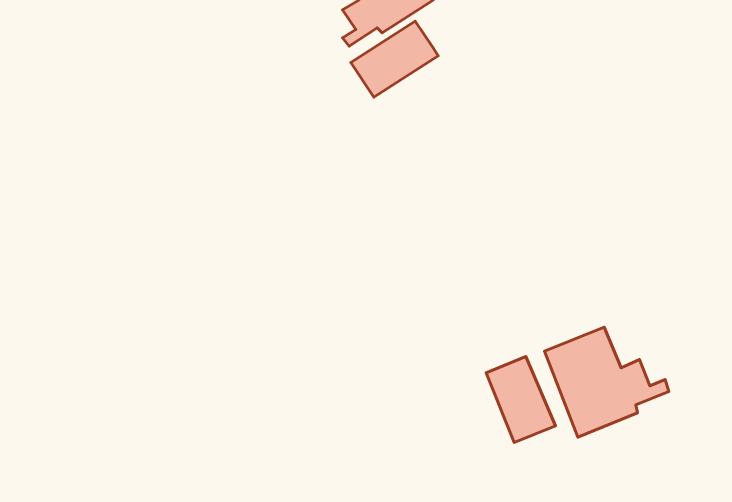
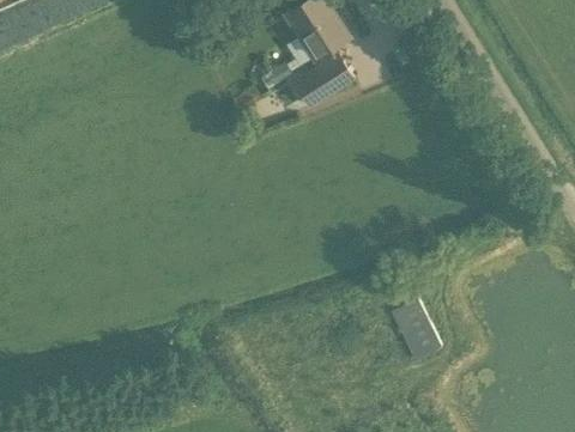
building: [544,327,669,437] -> none

